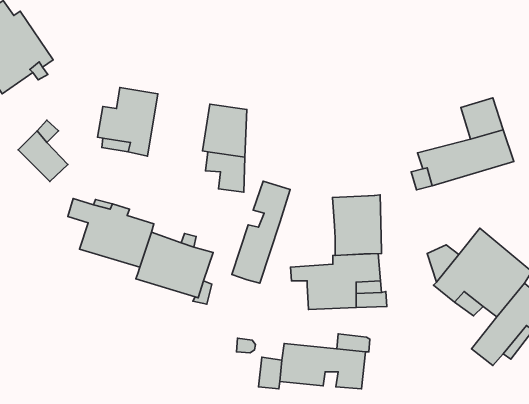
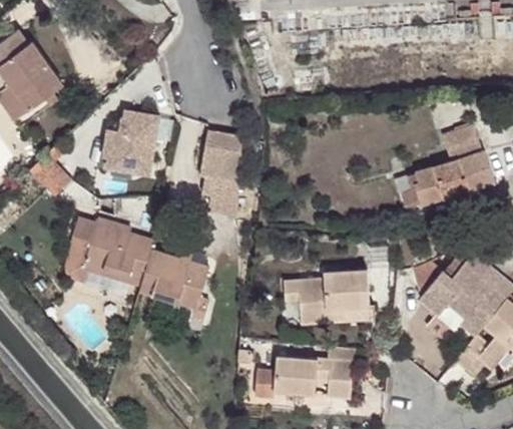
building: [232,181,290,283] -> none
building: [332,195,382,255] -> none
building: none -> [64,235,141,289]

